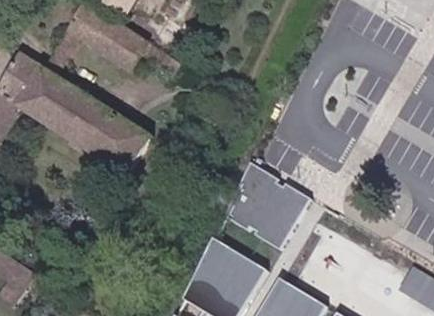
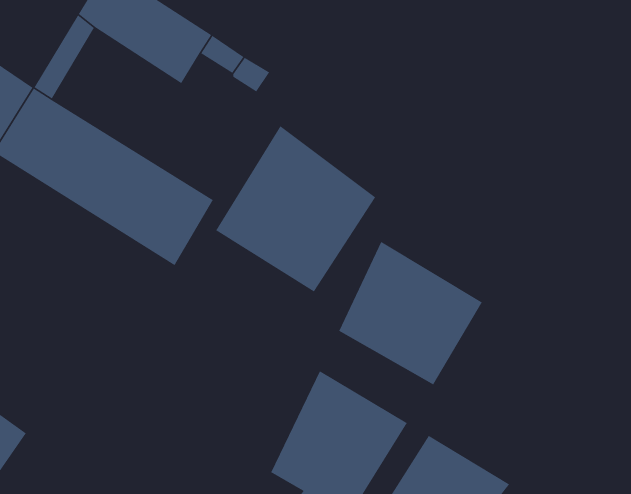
building: none -> [215,125,376,293]

